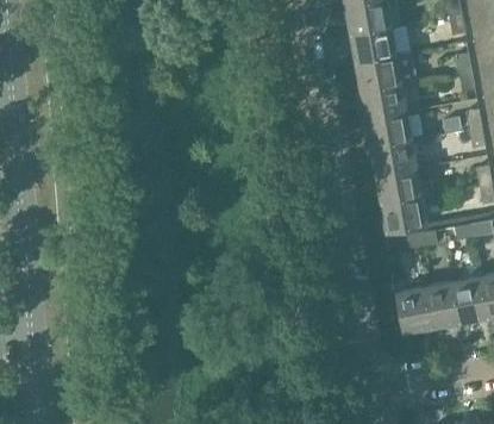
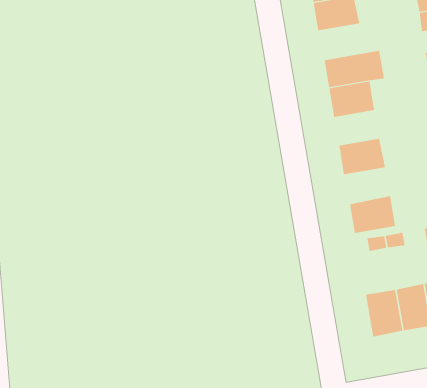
building: [350,27,396,63] -> none
building: [365,112,411,146] -> none
building: [375,168,433,204] -> none

